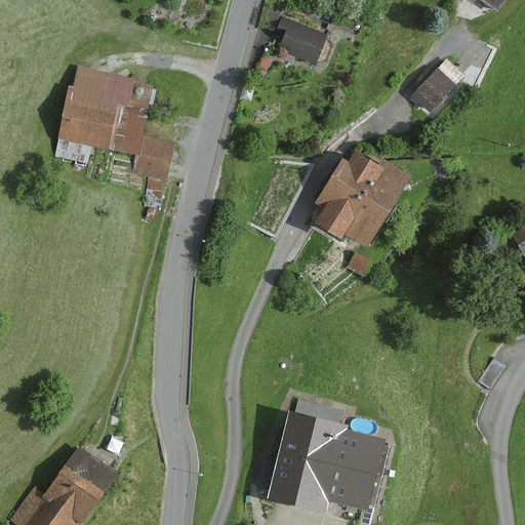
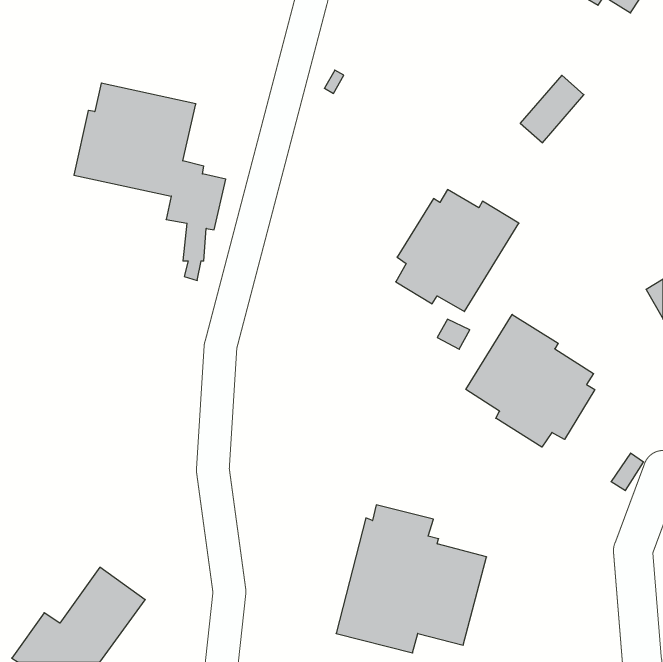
building: [279,16,328,65] -> none
building: none -> [466,314,595,447]

